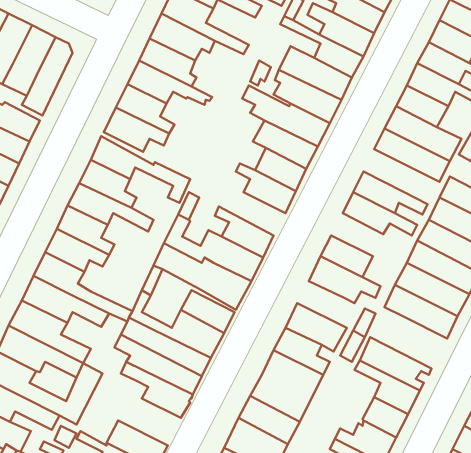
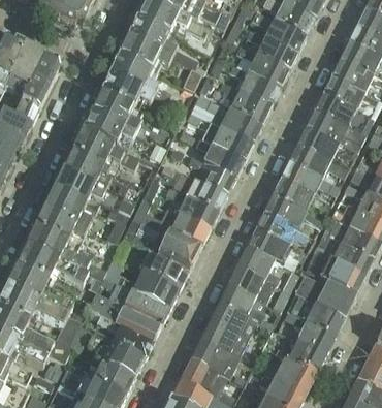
building: none -> [289,144,349,179]
building: none -> [172,170,227,212]
building: none -> [263,194,325,228]
building: none -> [236,248,280,285]
building: none -> [294,275,355,317]
building: none -> [89,336,144,378]

